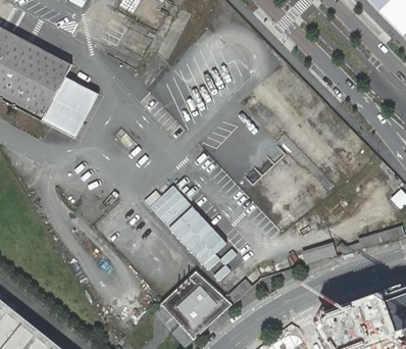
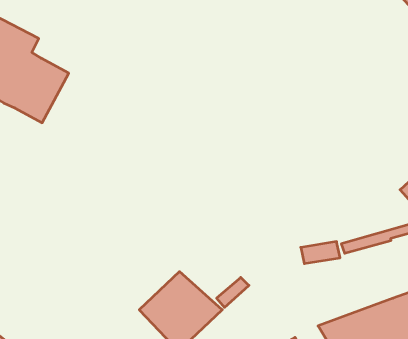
building: [148,185,241,282] -> none

